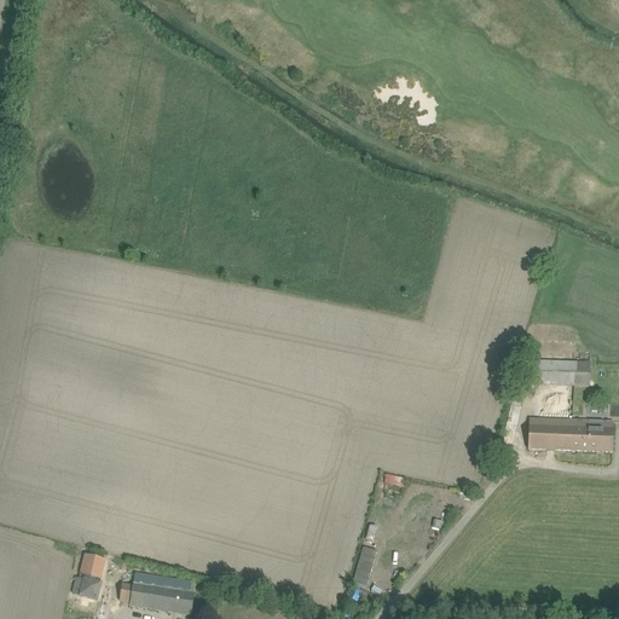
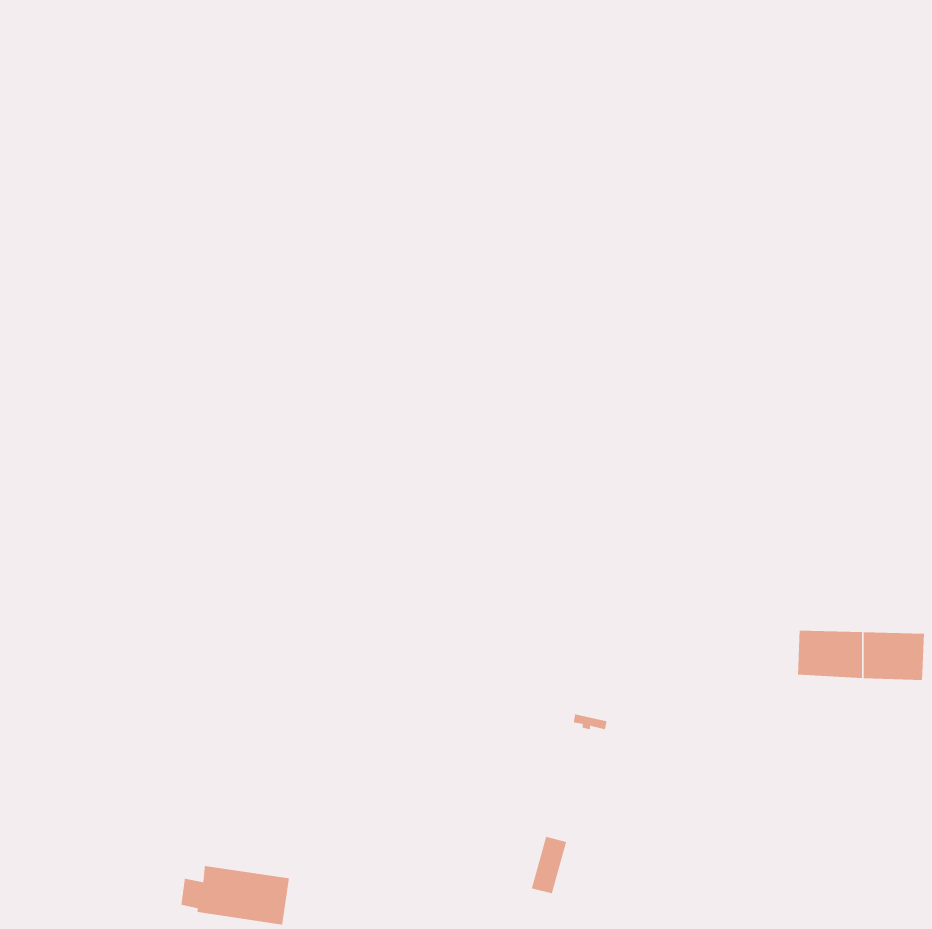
building: [531,359,590,384] -> none
building: [75,555,105,598] -> none

